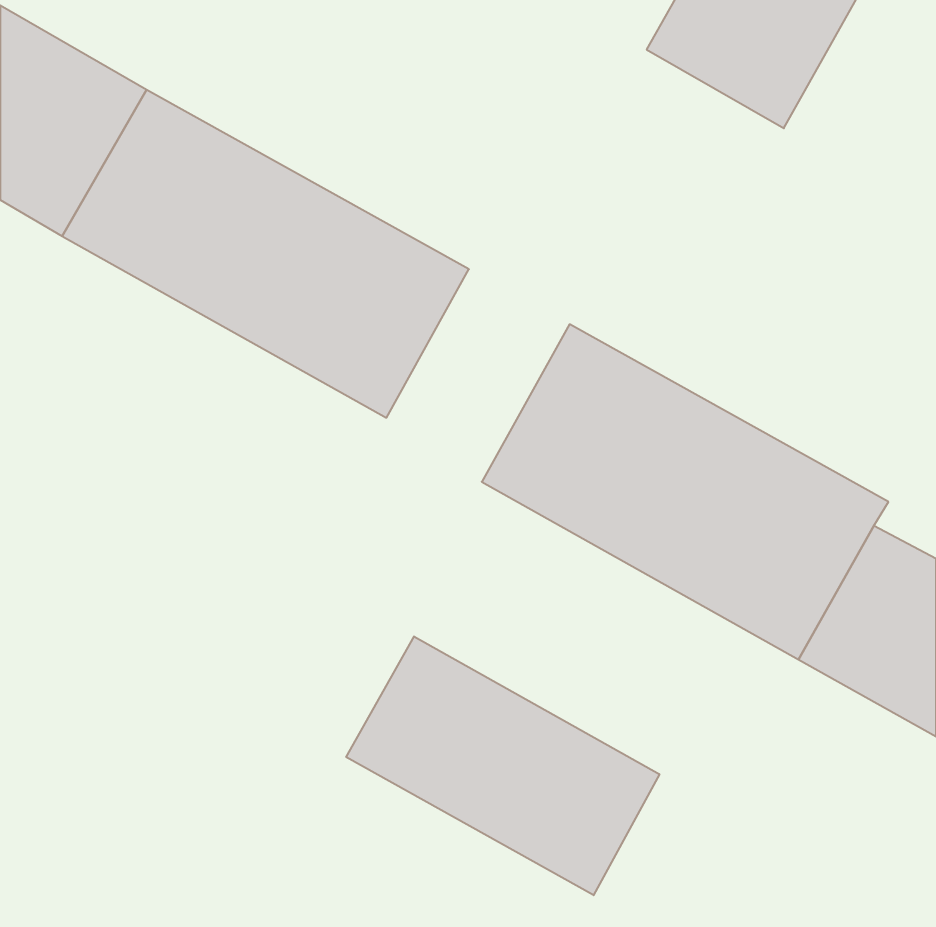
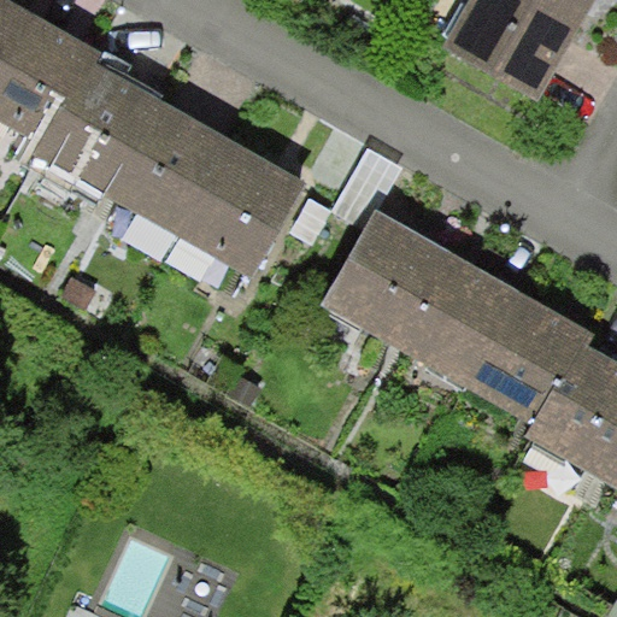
building: [346,636,659,895] -> none

